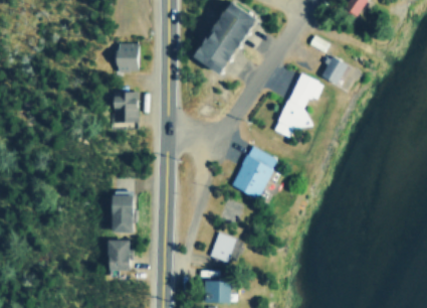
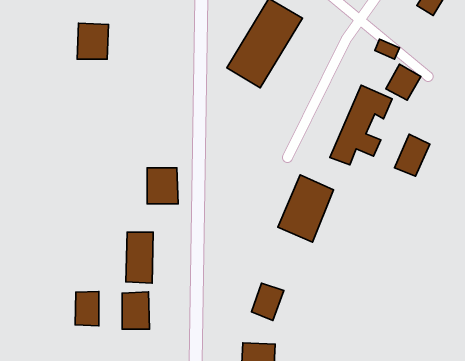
building: [117,42,142,71] -> [77,23,108,59]
building: [116,93,141,122] -> [147,168,178,204]
building: none -> [395,134,430,176]
building: none -> [75,291,99,326]

